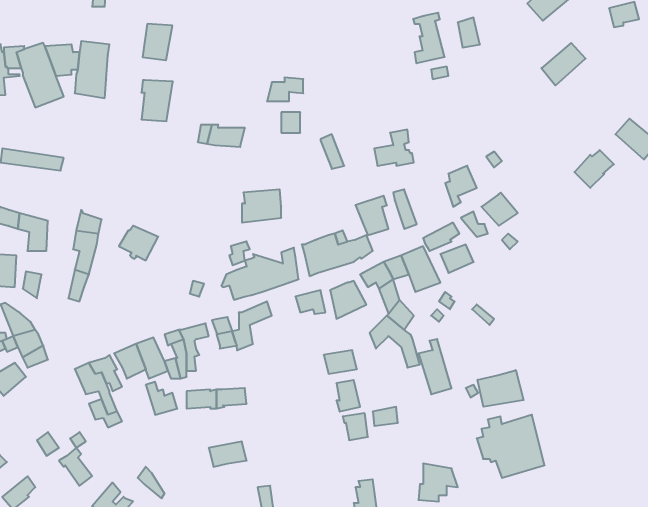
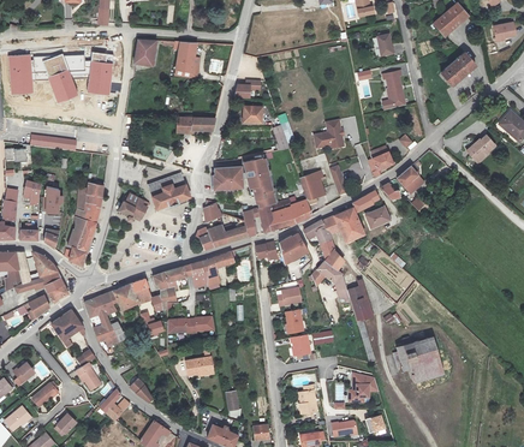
building: [413,13,445,63] -> [381,71,405,109]
building: [141,80,173,121] -> [175,40,200,71]
building: none -> [243,151,279,207]
building: none -> [148,172,190,209]
building: none -> [72,208,89,263]
building: [478,370,524,407] -> none
building: none -> [50,310,83,346]

